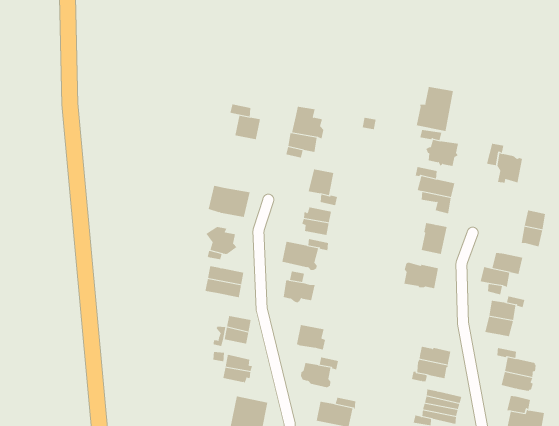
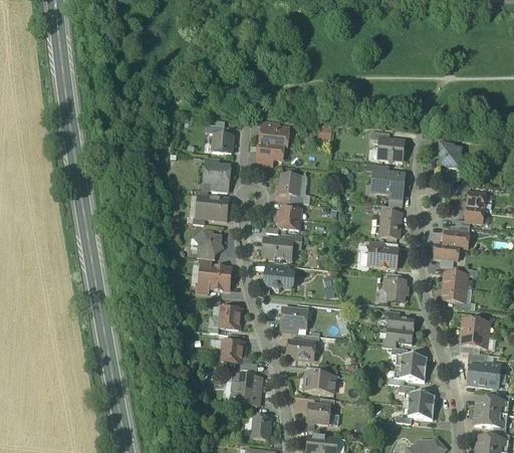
building: [416,86,453,132] -> none
building: none -> [204,163,230,185]
building: none -> [384,277,406,299]

